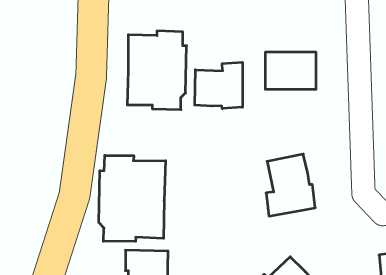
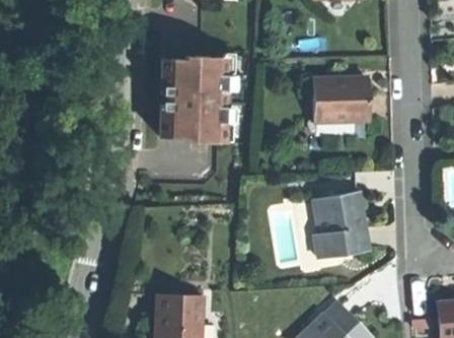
building: [195,62,242,109] -> none
building: [99,155,166,241] -> none

